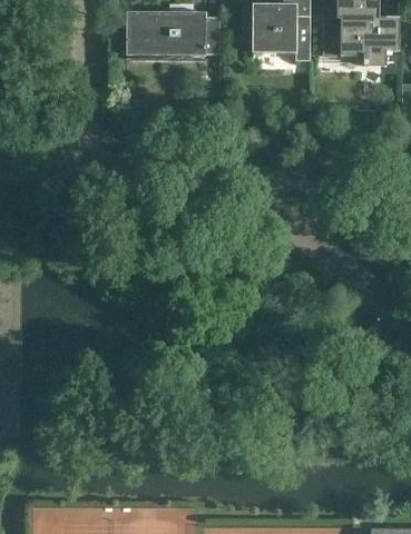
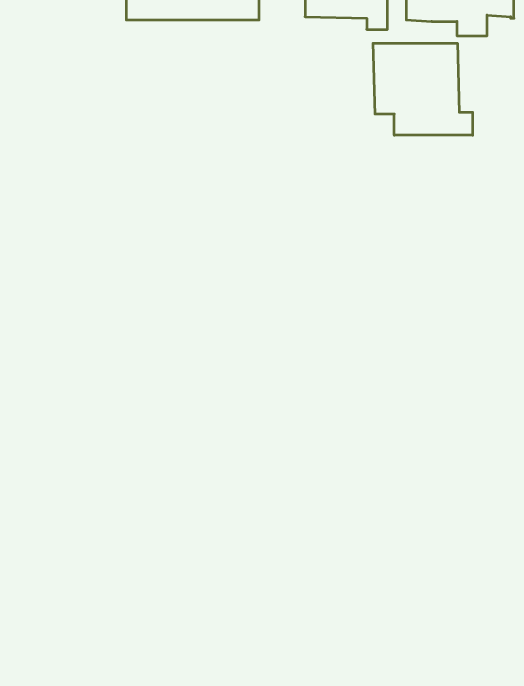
building: none -> [373,43,473,135]

